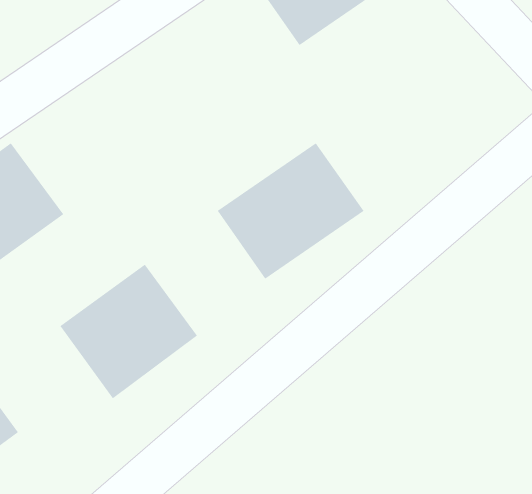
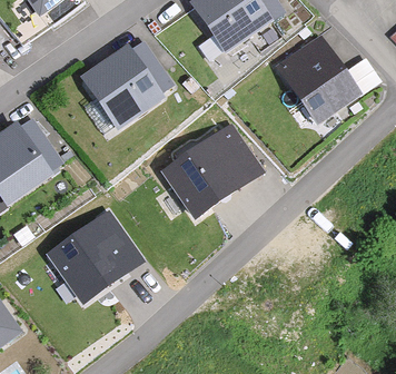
building: none -> [273,35,363,128]
building: none -> [80,43,167,131]

